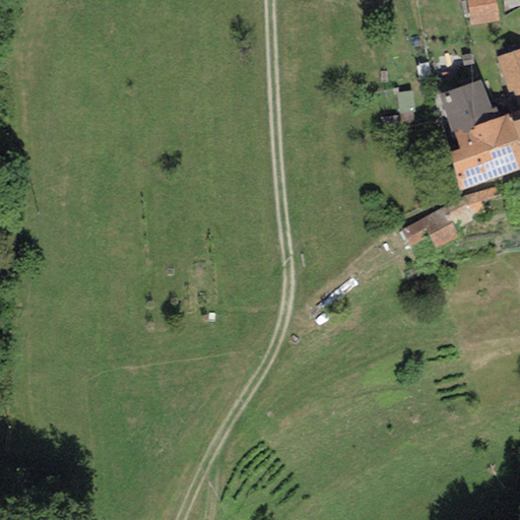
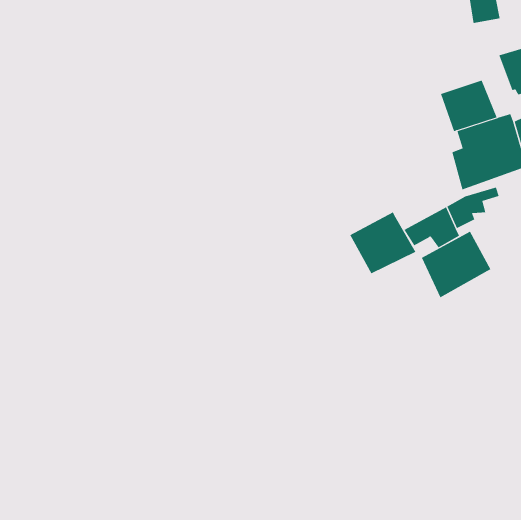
building: none -> [350,211,416,274]
building: none -> [421,231,491,298]

